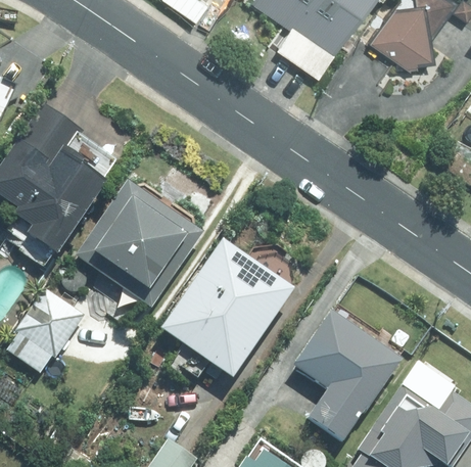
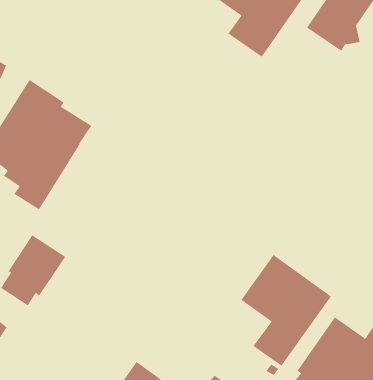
building: [74,181,202,309] -> none
building: [158,243,292,382] -> none

